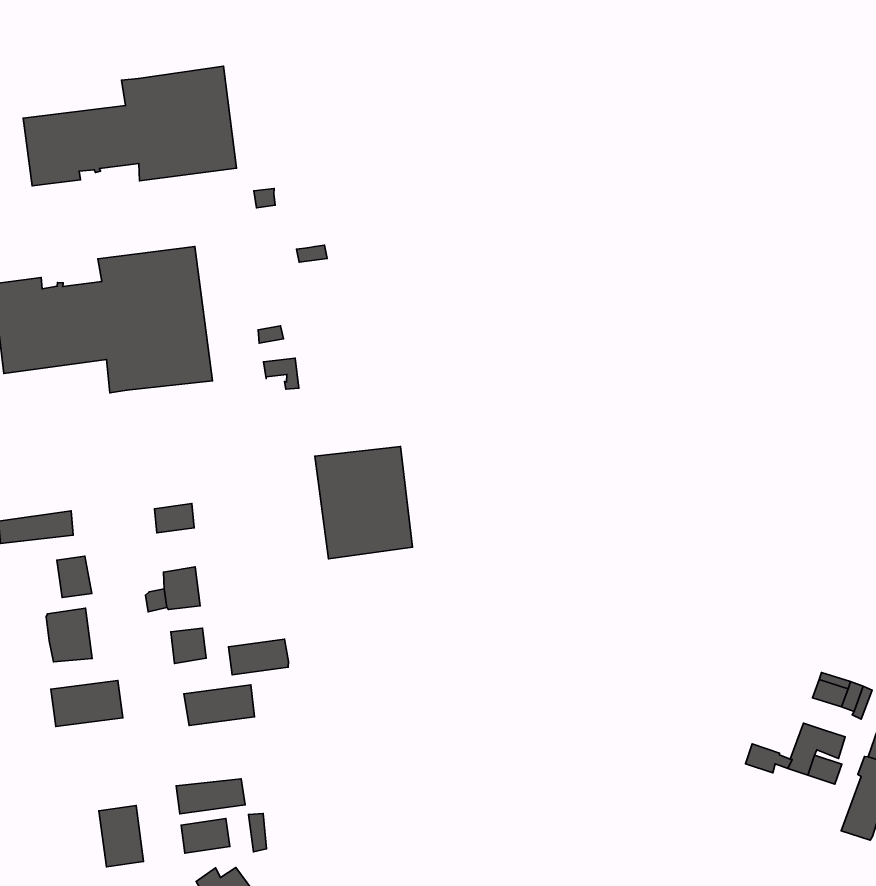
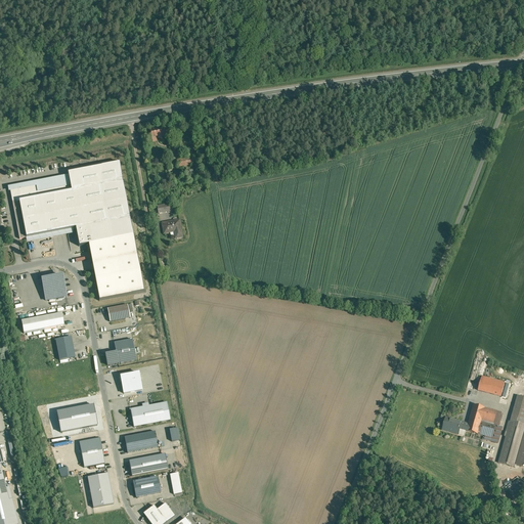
building: [23,66,236,186] -> none
building: none -> [40,273,67,298]
building: [315,447,413,559] -> [88,233,145,298]
building: [46,608,92,662] -> none
building: [228,639,289,675] -> [124,429,158,450]
building: none -> [79,436,104,465]

